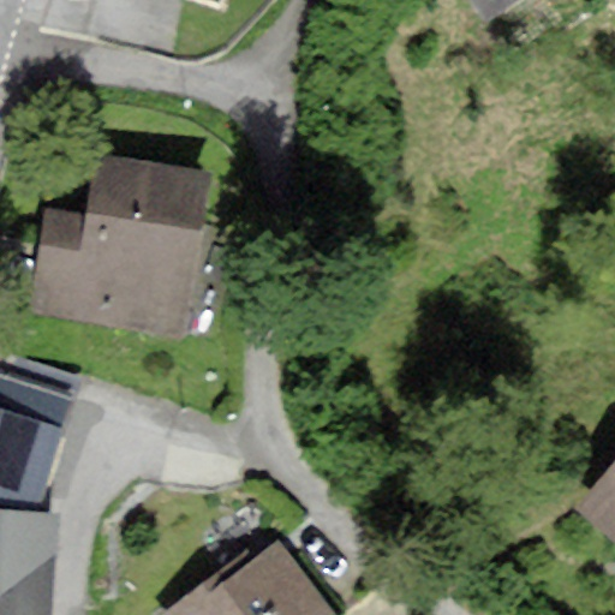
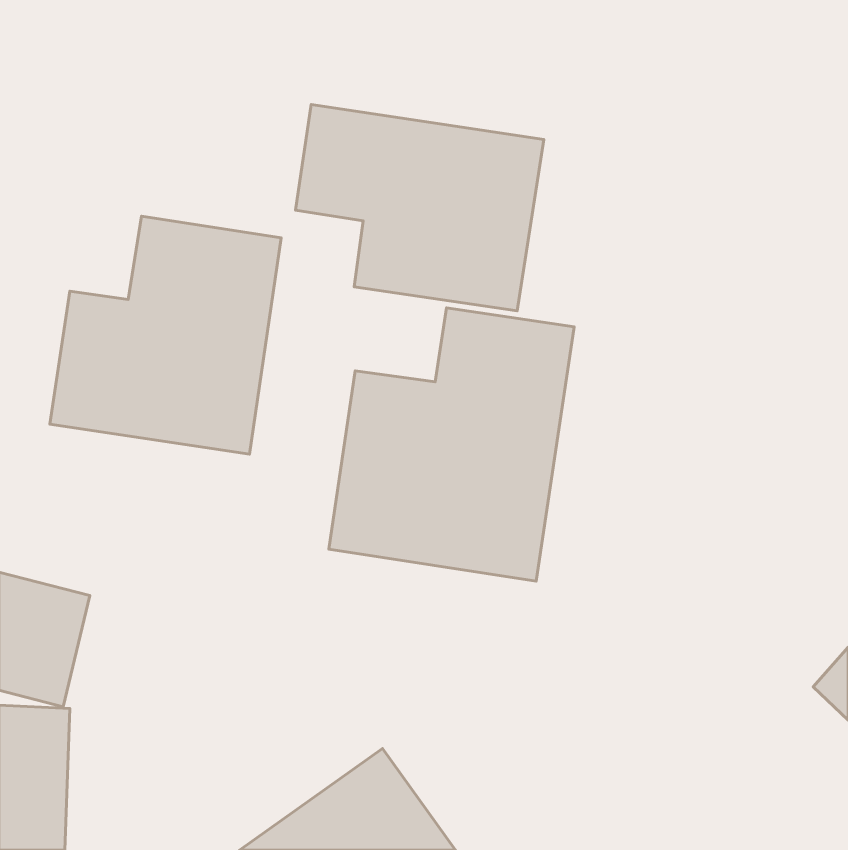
building: none -> [295,105,544,311]
building: none -> [329,308,574,581]

